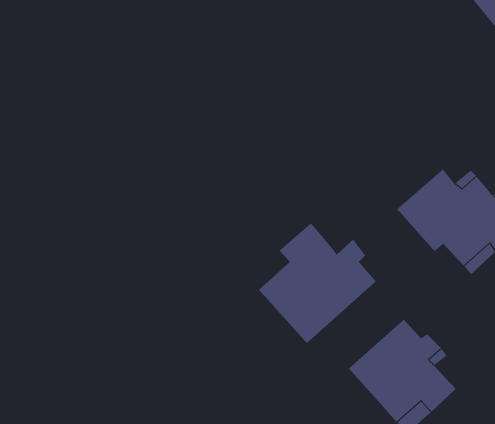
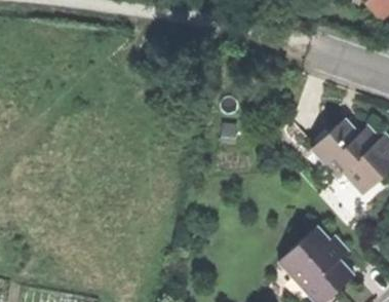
building: [258,223,376,344] -> none

